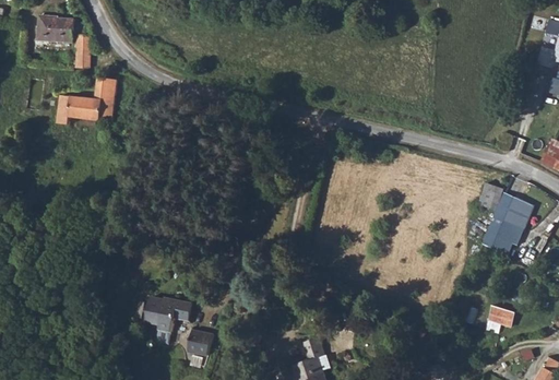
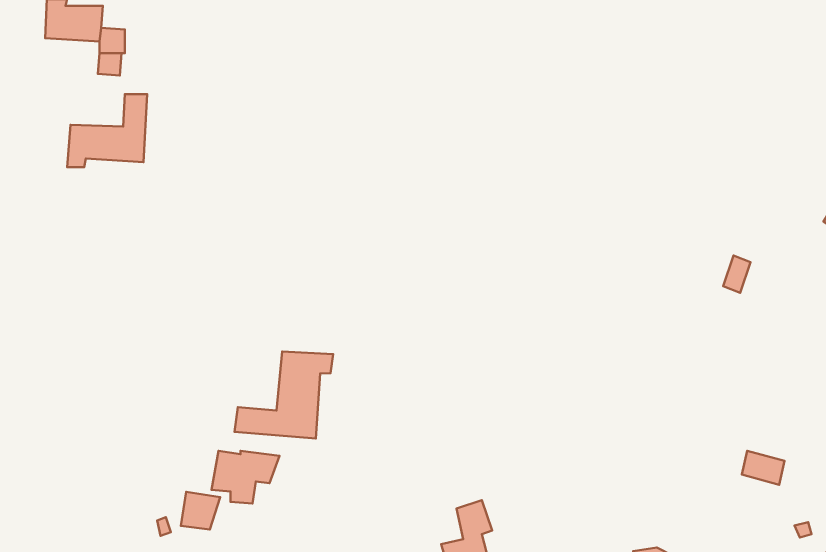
building: [479,189,532,254] -> none
building: none -> [235,351,333,439]
building: [190,335,215,359] -> [181,492,220,529]

